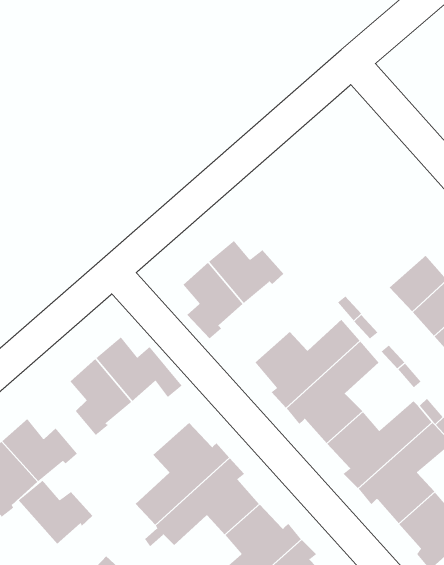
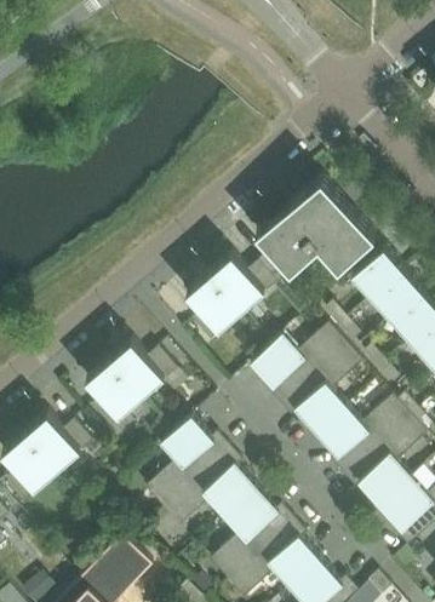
building: none -> [256,180,376,276]
building: none -> [351,250,403,300]
building: [18,480,93,544] -> none

